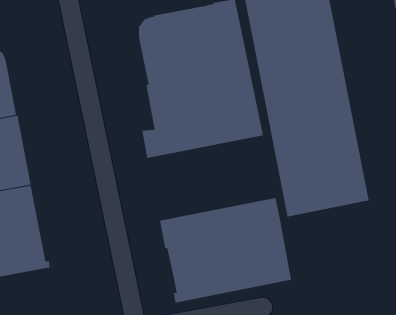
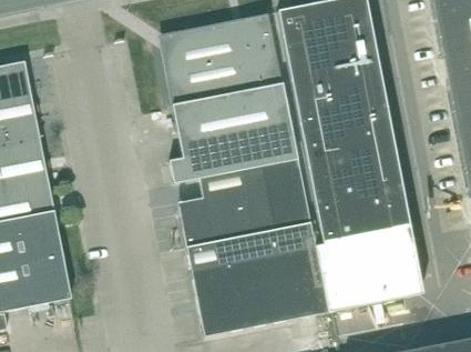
building: none -> [184,158,311,248]
building: none -> [316,227,422,311]

